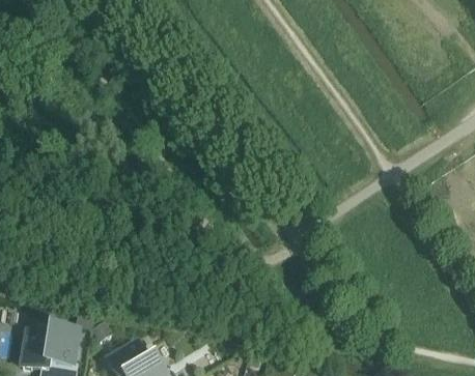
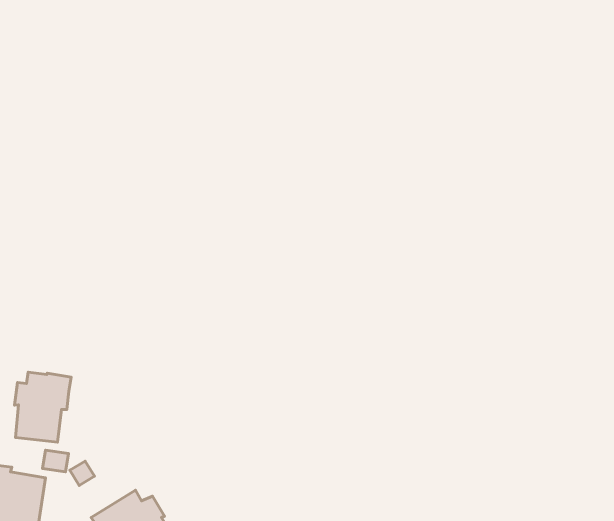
building: none -> [15,372,71,442]

